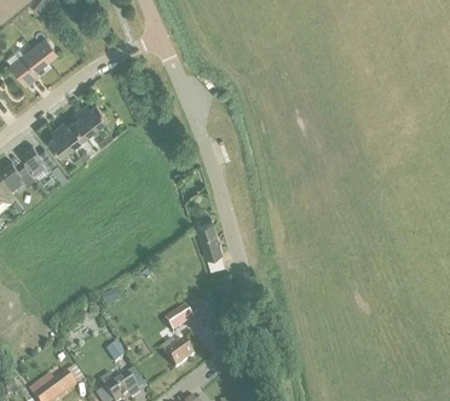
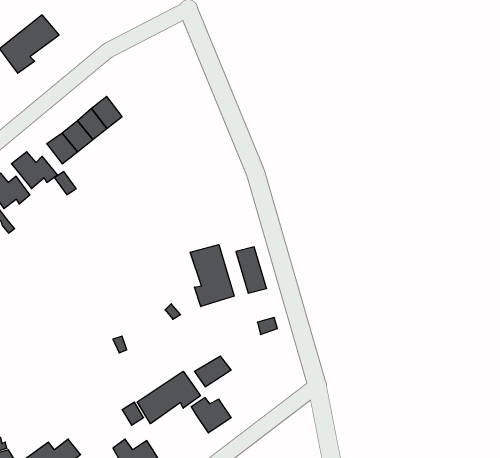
building: none -> [190,245,234,307]
building: none -> [137,371,200,424]

